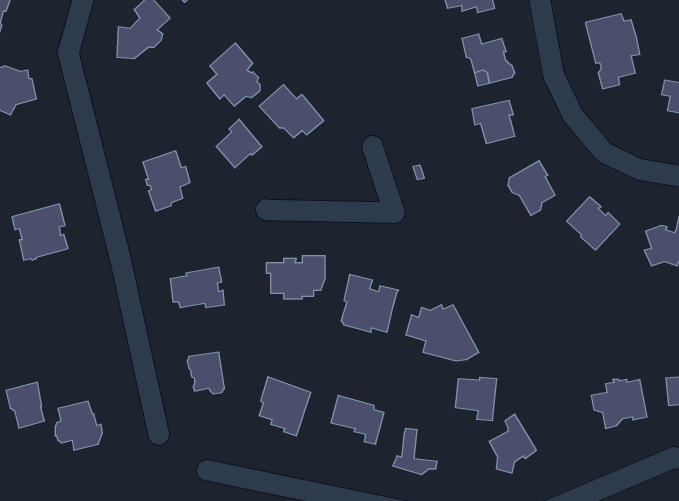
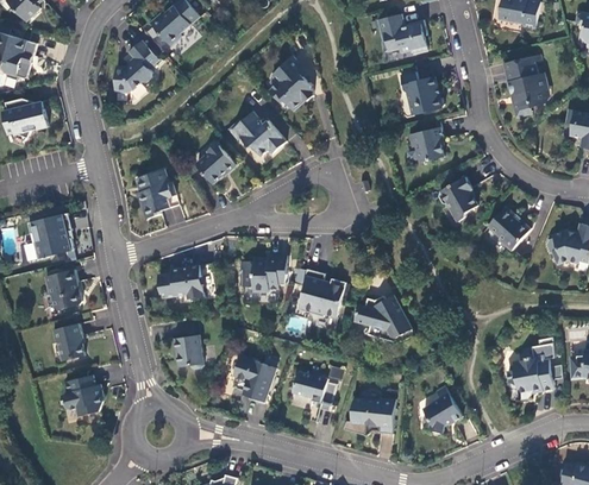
building: [207,43,260,106] -> [269,56,313,108]
building: none -> [44,269,82,309]
building: [455,377,497,421] -> [361,397,395,433]
building: [6,382,45,428] -> [52,322,84,360]

